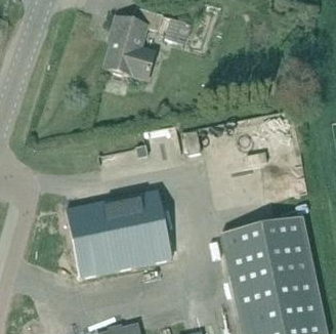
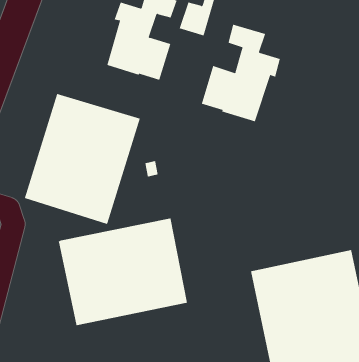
building: none -> [201,24,281,122]
building: none -> [24,93,140,225]

